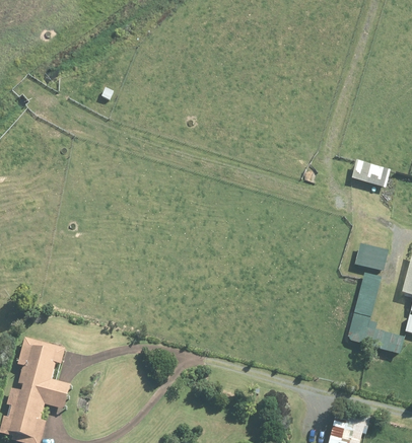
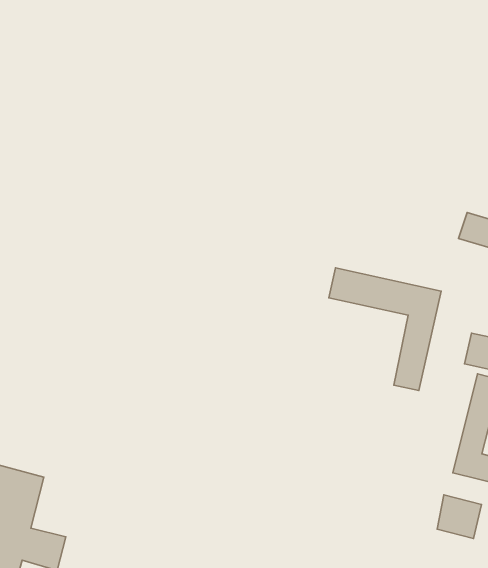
building: none -> [329,268,441,391]
building: none -> [437,495,481,538]

